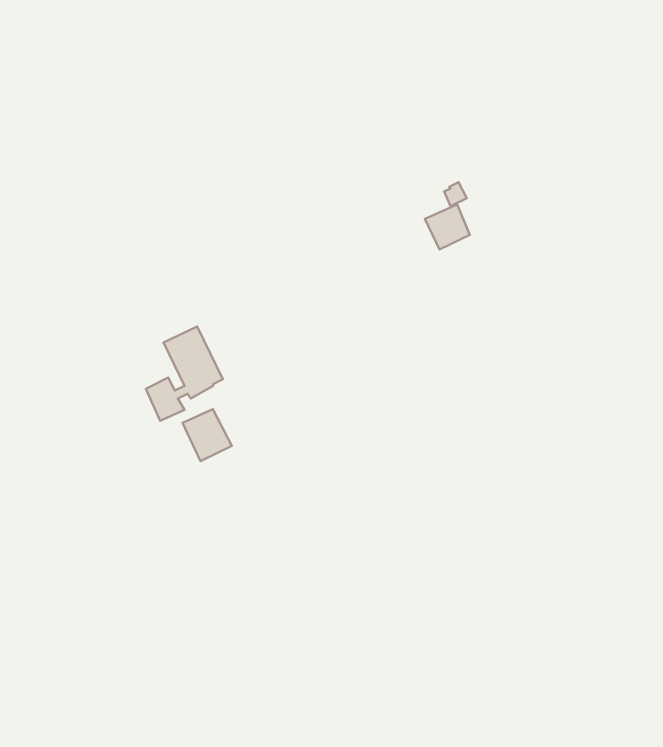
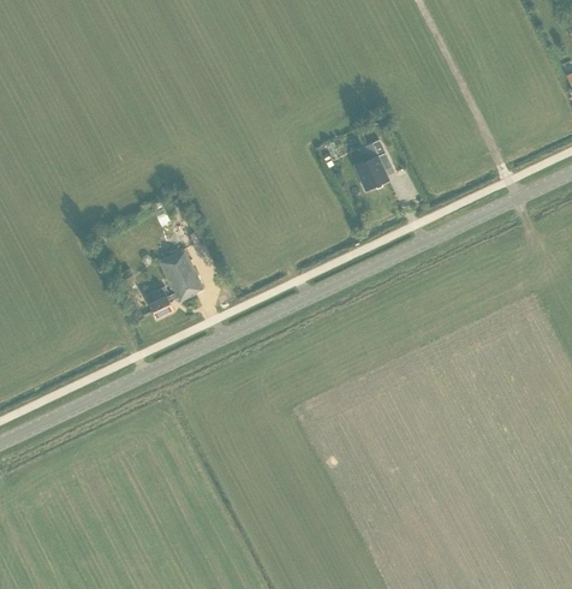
building: [183,409,232,461] -> none

